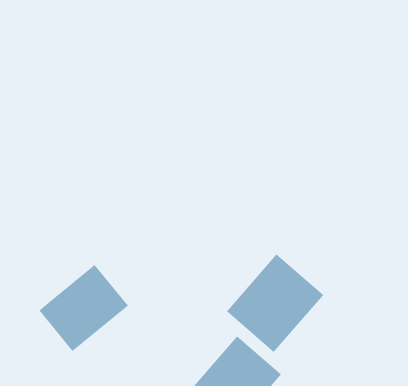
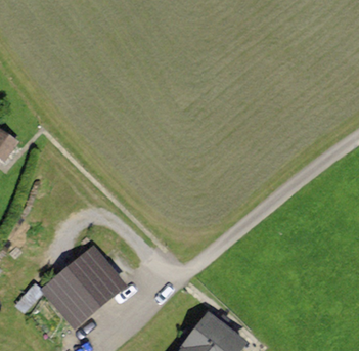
building: [226,253,324,353] -> none

